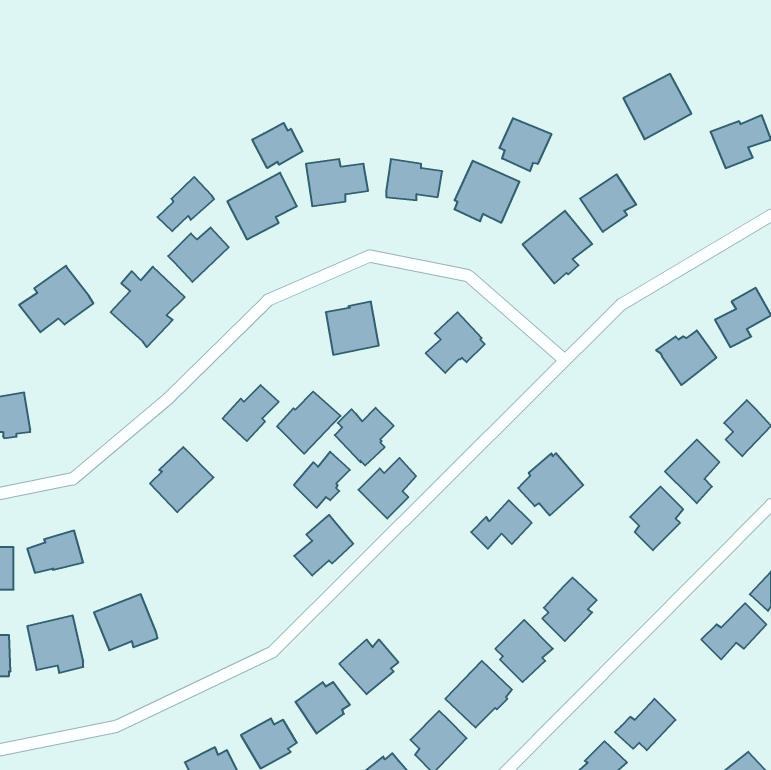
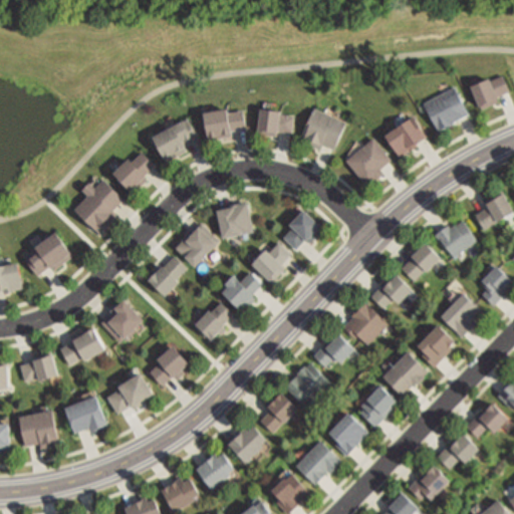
building: [623,74,691,139] -> [423,88,468,132]
building: [499,118,551,171] -> none
building: [252,123,303,168] -> none
building: [157,177,214,231] -> none
building: [19,266,93,332] -> [22,232,71,276]
building: none -> [401,243,439,280]
building: [277,392,341,454] -> [175,225,217,266]
building: none -> [370,274,411,308]
building: [358,458,416,519] -> [251,243,289,283]
building: none -> [56,328,102,366]
building: [294,515,353,576] -> [148,345,187,386]
building: none -> [382,352,426,396]
building: none -> [285,362,329,407]
building: none -> [105,372,151,415]
building: none -> [259,394,296,434]
building: none -> [436,435,477,469]

